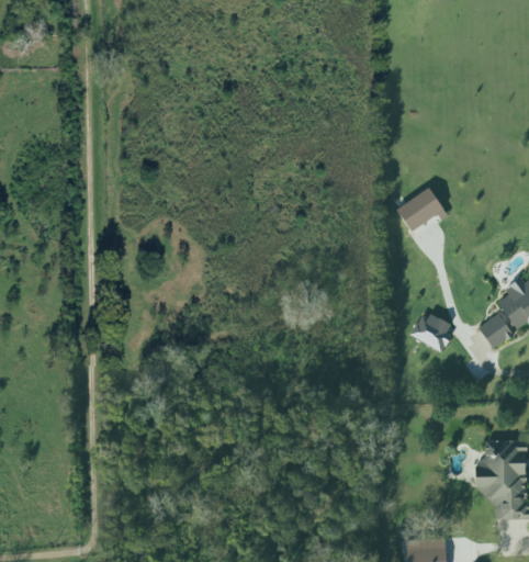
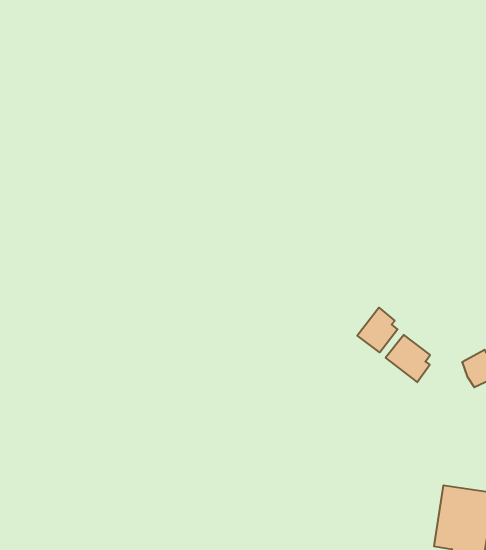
building: [396,189,442,232] -> none
building: none -> [357,308,398,352]

